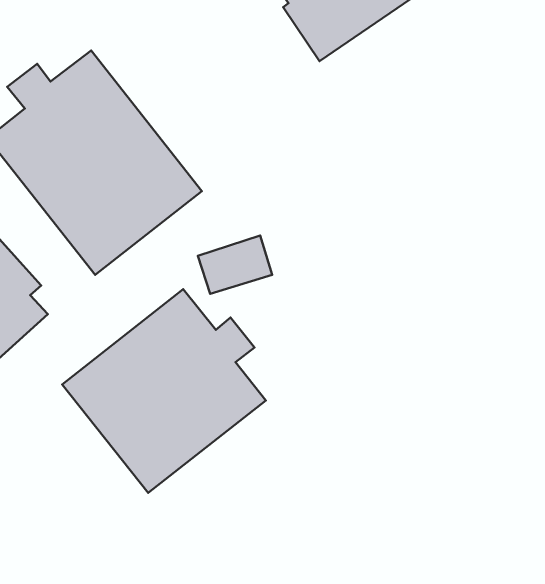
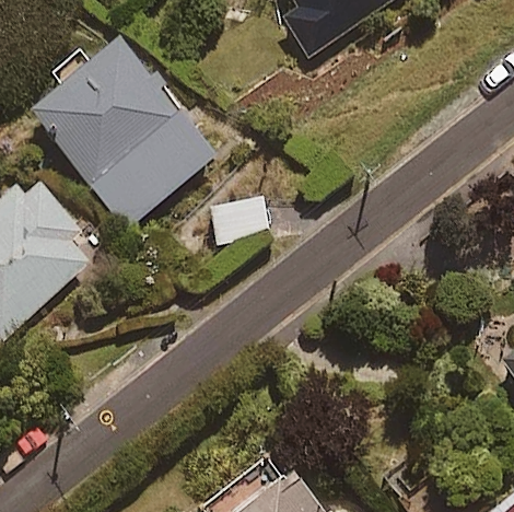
building: [62,289,266,493] -> none

